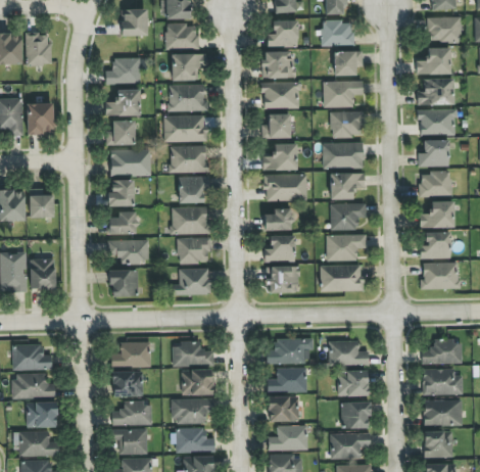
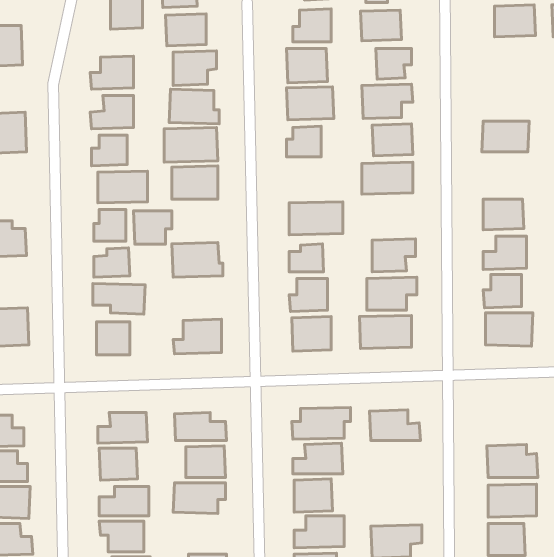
building: [417,47,451,75] -> none
building: [417,78,454,105] -> none
building: [419,140,449,166] -> none
building: [262,143,297,171] -> none
building: [331,173,365,199] -> none
building: [179,176,209,202] -> [134,211,172,244]
building: [178,237,210,263] -> none
building: [423,339,463,364] -> none
building: [339,371,369,395] -> none
building: [342,402,370,428] -> none
building: [171,428,215,452] -> none

